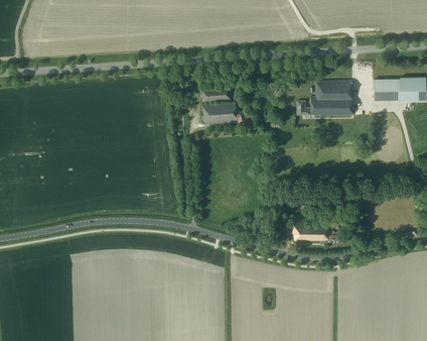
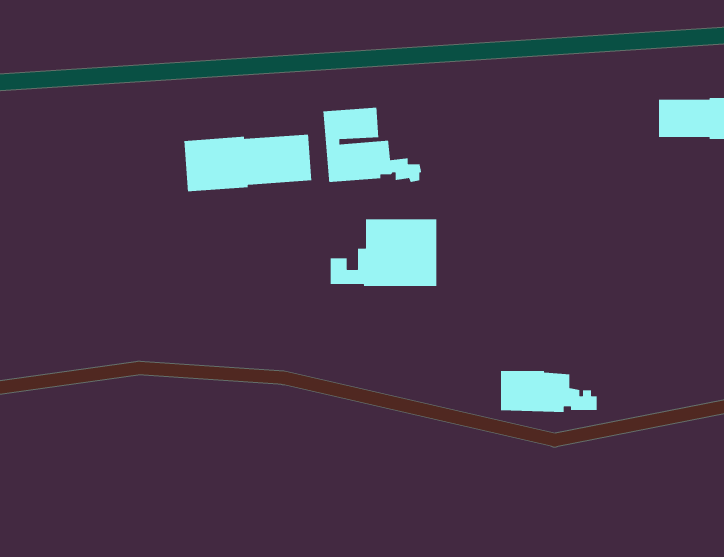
building: [296,80,351,115] -> [330,218,437,287]
building: none -> [183,134,312,192]

